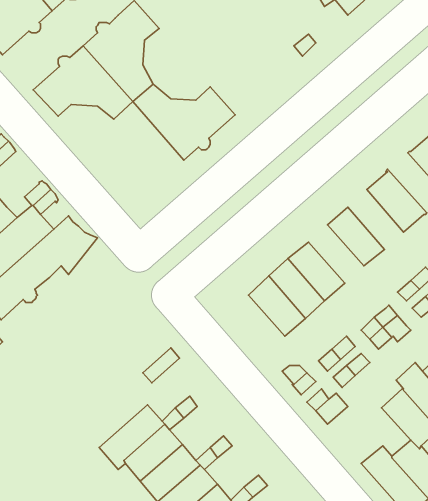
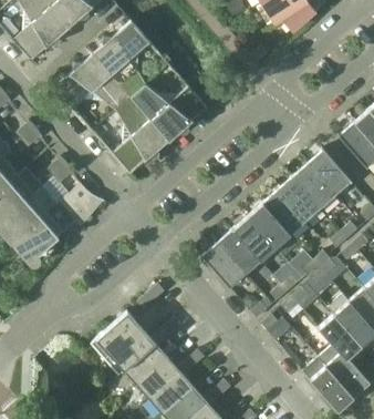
building: none -> [112,98,168,175]
building: none -> [292,164,334,209]
building: none -> [262,191,304,235]
building: none -> [201,244,245,288]
building: none -> [91,311,141,359]

